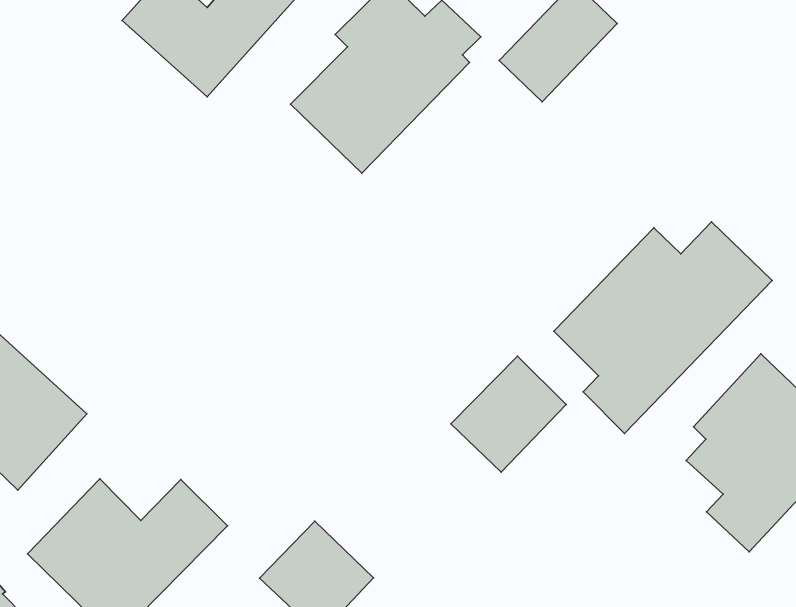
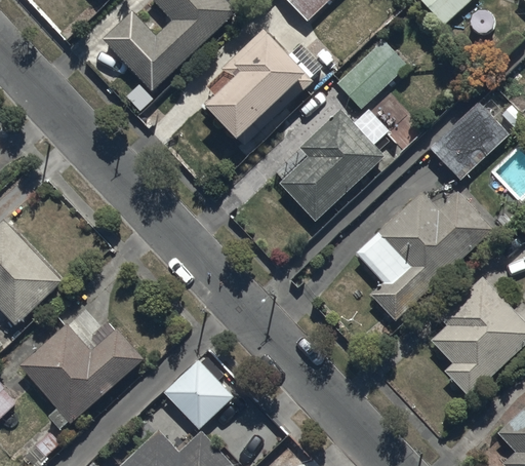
building: none -> [430,106,507,181]
building: none -> [279,107,389,222]
building: [451,356,566,472] -> none

